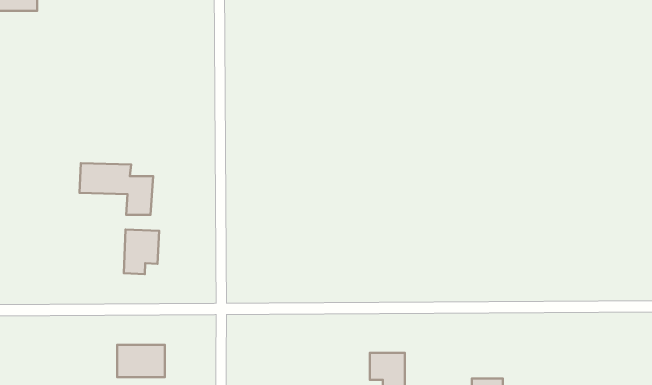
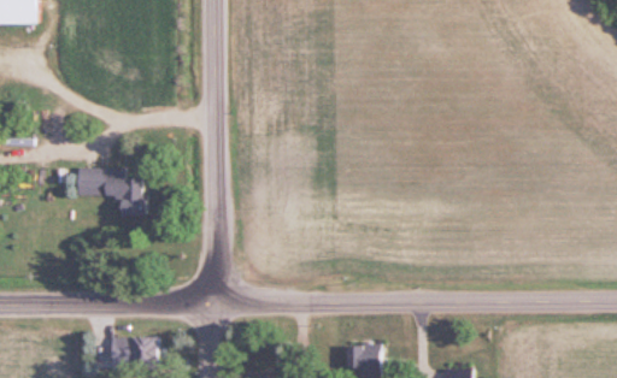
building: [124,229,159,274] -> none

